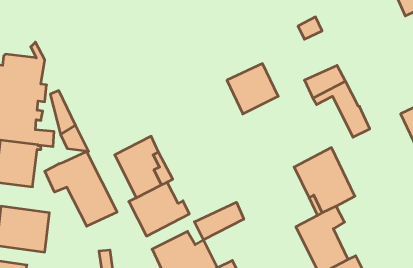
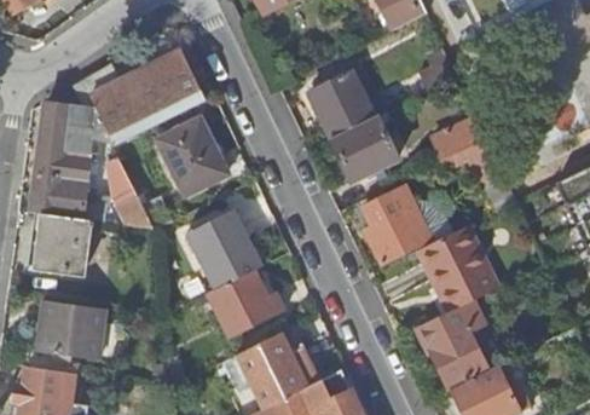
building: none -> [83,51,204,146]
building: none -> [310,64,387,137]
building: none -> [158,121,226,194]
building: none -> [364,184,433,261]
building: [45,151,117,226] -> none
building: [194,202,244,240] -> none

